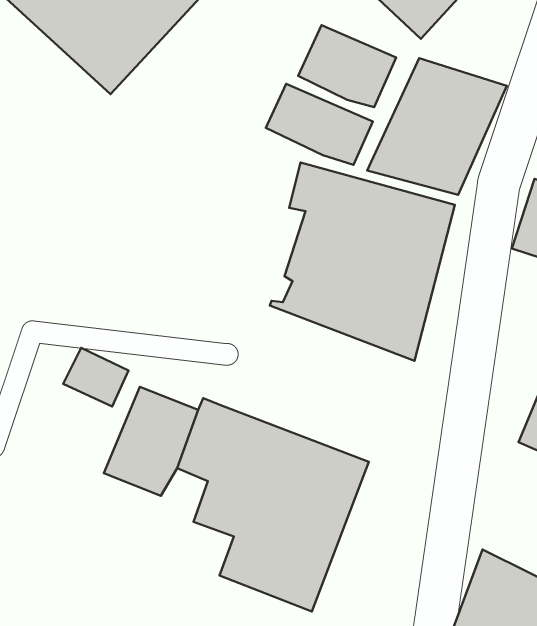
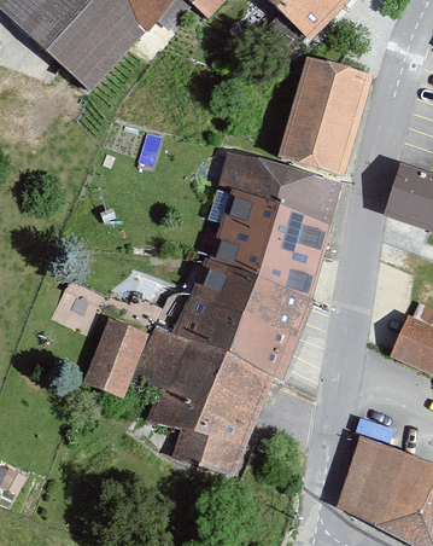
building: [298,25,396,107] -> none
building: [266,84,373,165] -> none
building: none -> [170,255,315,376]

